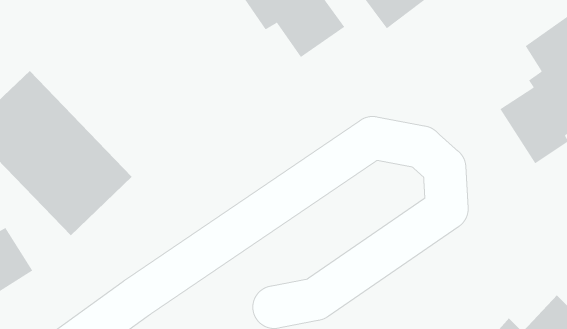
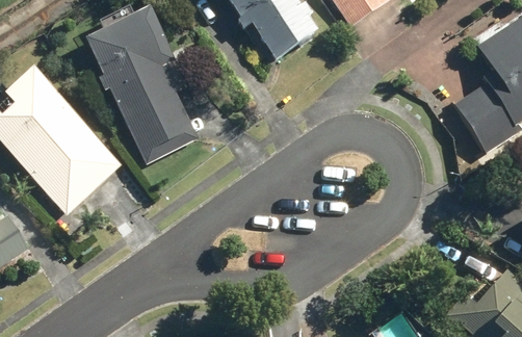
building: none -> [84,10,197,160]

